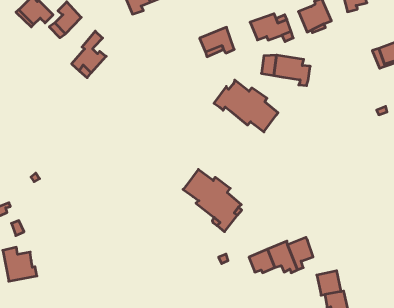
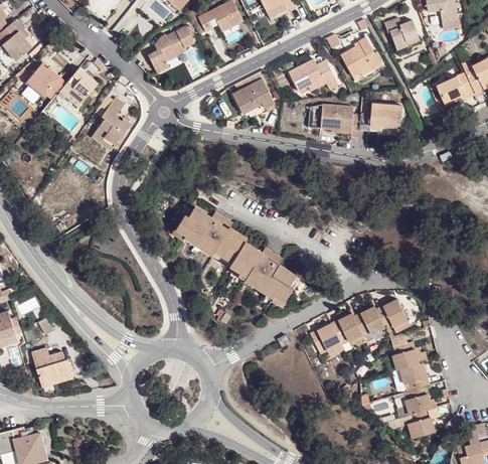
building: none -> [359,104,401,131]
building: [214,80,278,132] -> [173,206,247,262]
building: none -> [375,299,410,333]

